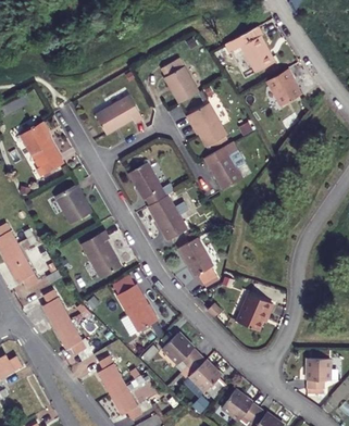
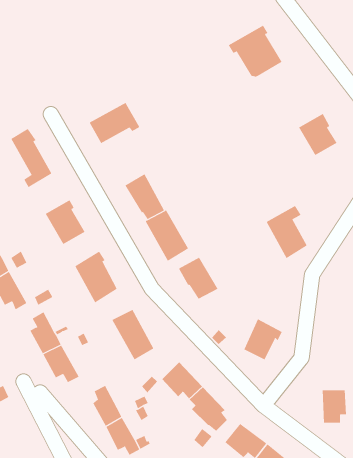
building: [162,59,198,102] -> none
building: [264,66,300,105] -> [298,113,337,156]
building: [188,102,227,146] -> none
building: [203,141,241,190] -> [266,205,307,259]

